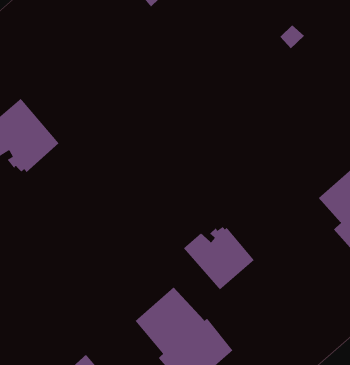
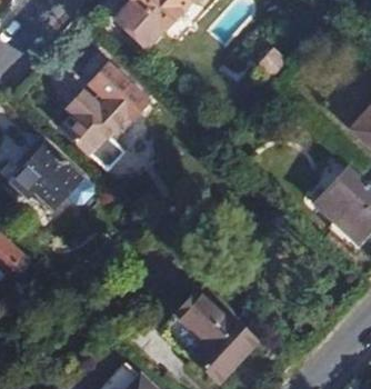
building: none -> [60,64,150,169]
building: [183,226,255,291] -> none

